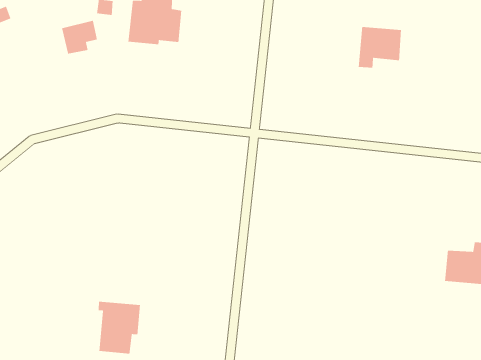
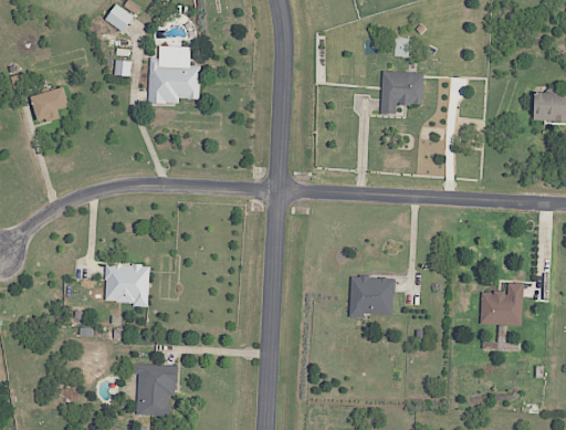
building: [61,20,98,55] -> [31,86,69,123]
building: none -> [104,264,149,304]
building: none -> [349,276,394,316]

